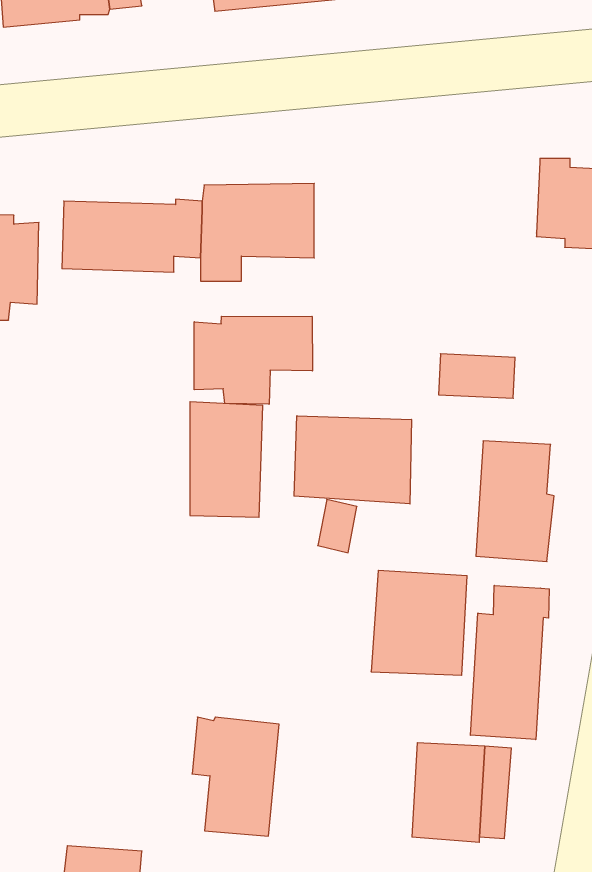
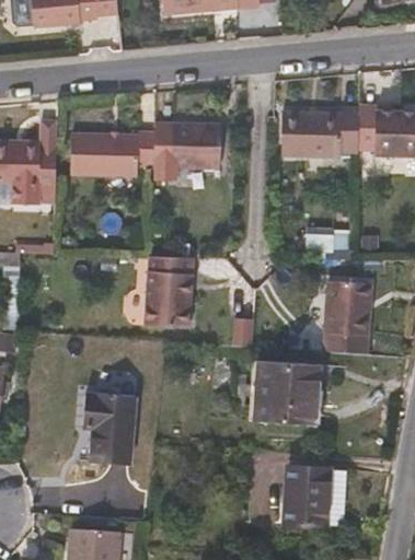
building: none -> [285,108,364,156]
building: [194,316,312,404] -> none
building: [294,416,411,504] -> none
building: [470,585,549,740] -> none
building: [192,717,279,836] -> [82,392,136,465]

